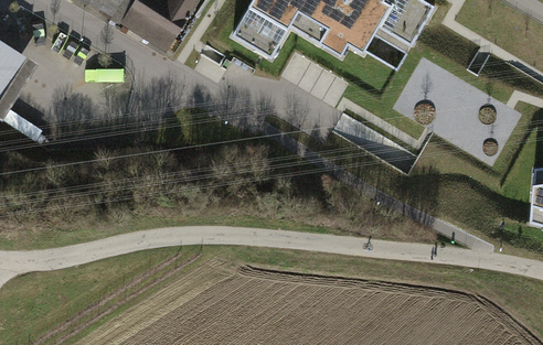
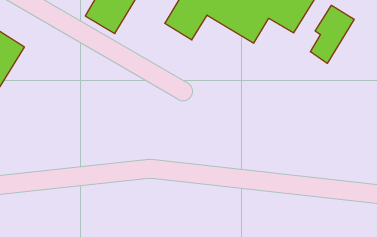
building: none -> [310,5,354,63]

